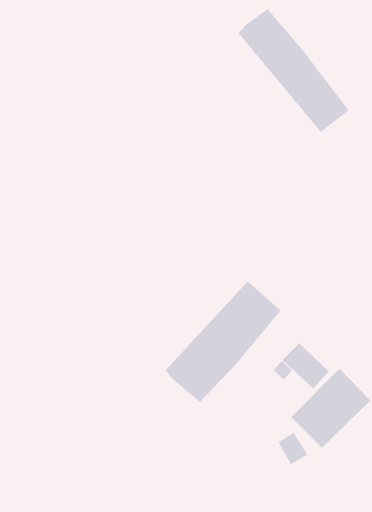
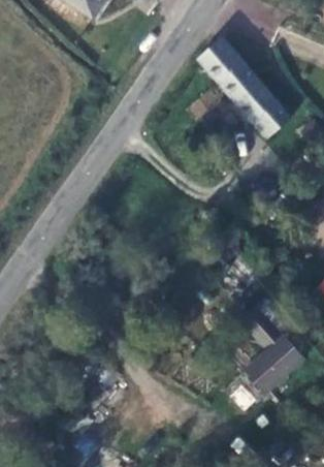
building: [165,281,281,403] -> none

